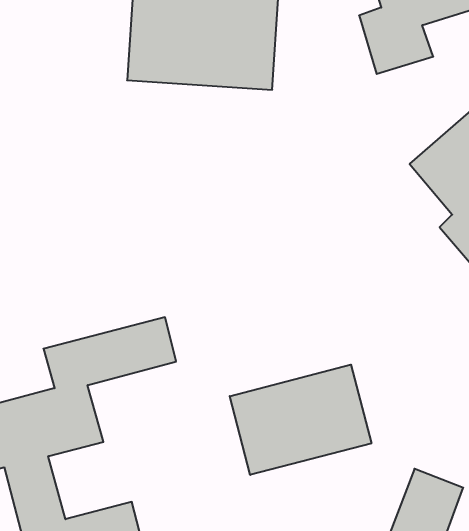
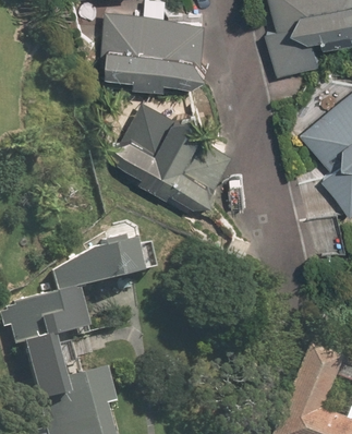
building: none -> [117,101,236,208]
building: [230,365,371,475] -> none

